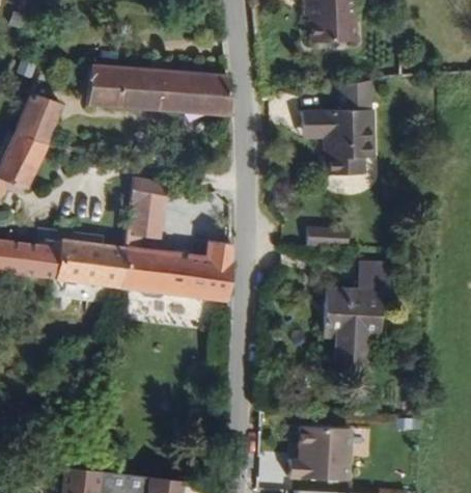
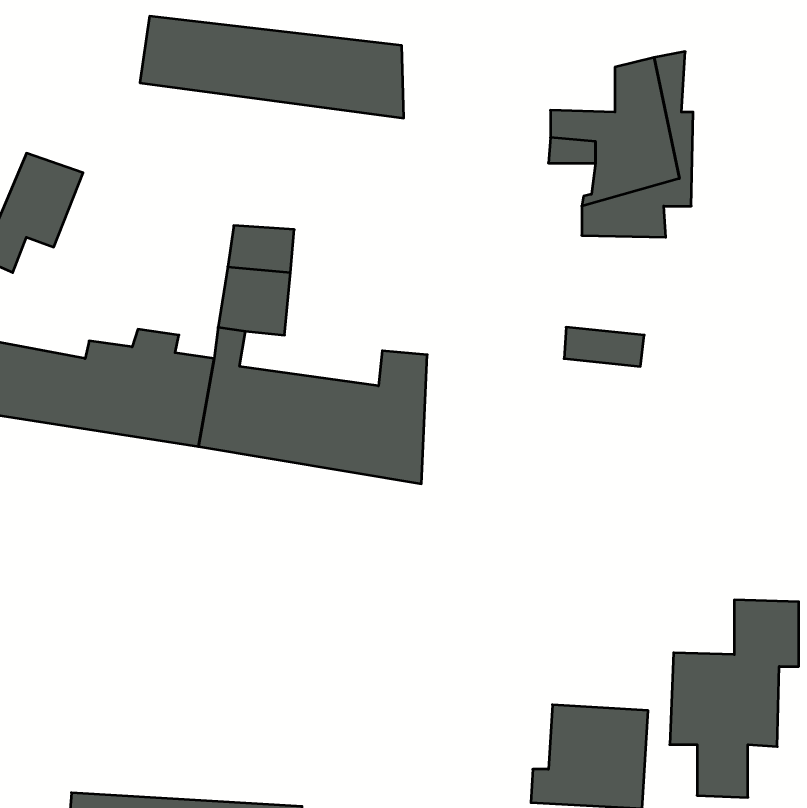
building: [22,86,71,143] -> none
building: [323,264,391,368] -> [670,600,799,797]

